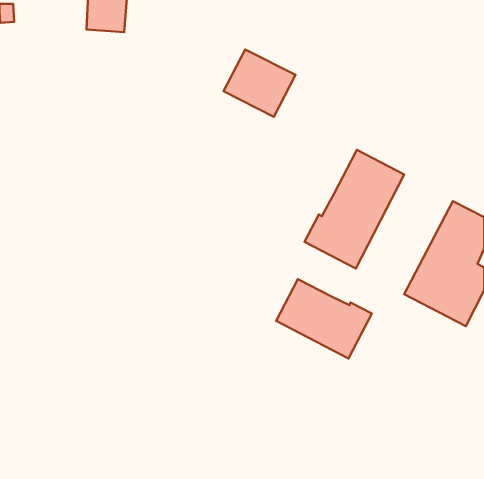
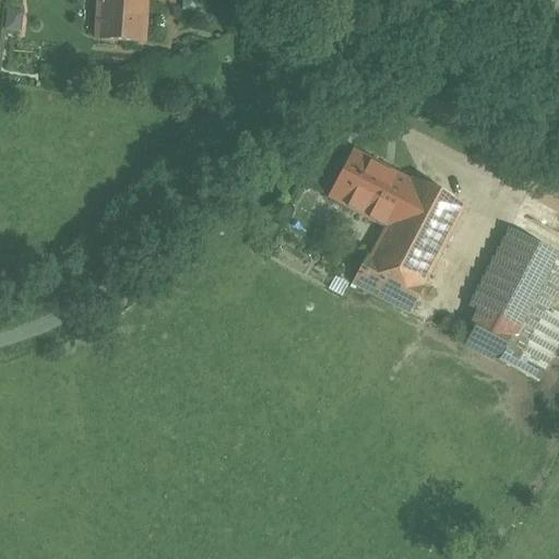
building: [223,49,296,117] -> [326,145,409,223]
building: [276,279,372,358] -> none

